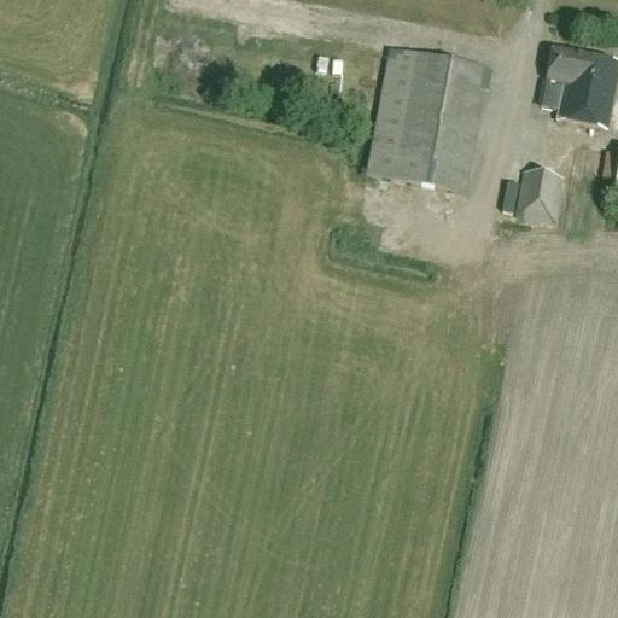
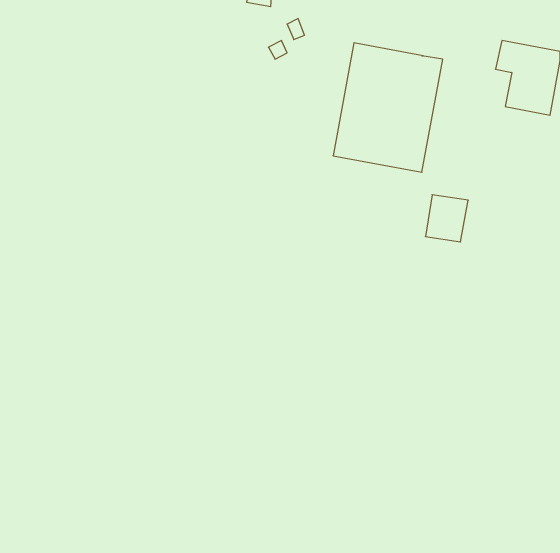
building: [515,167,562,218] -> [425,195,468,242]

